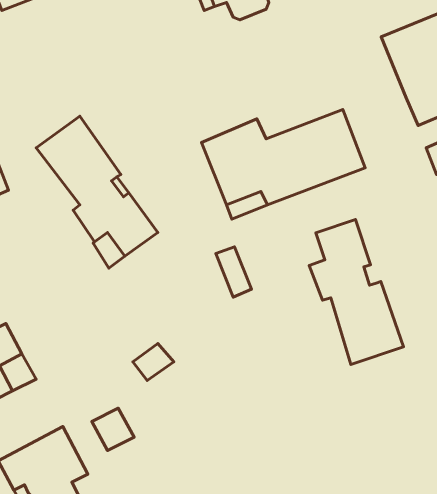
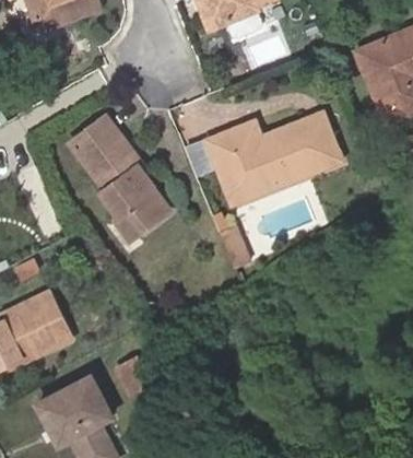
building: [309,219,403,364] -> none

